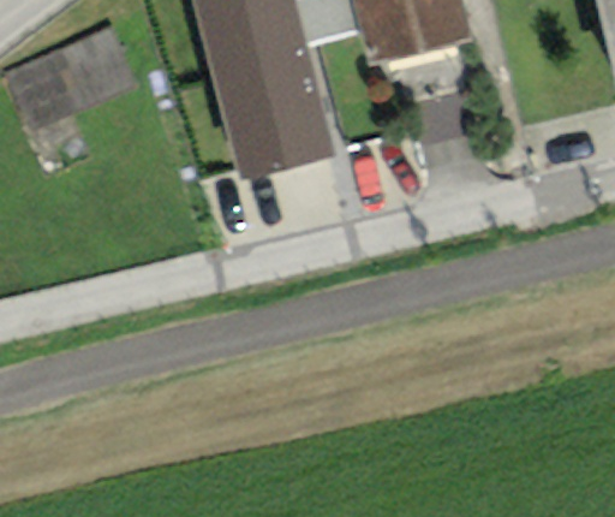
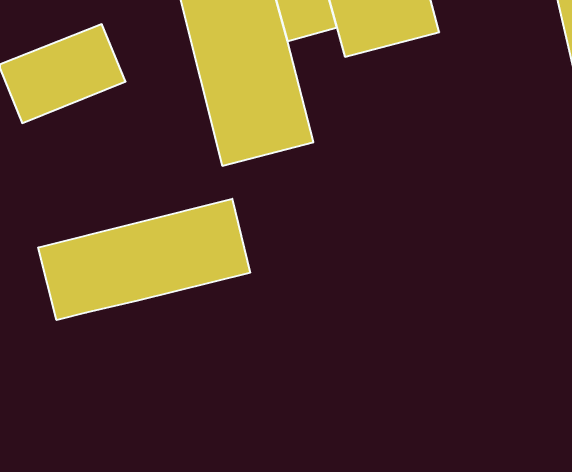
building: none -> [38,199,250,320]

